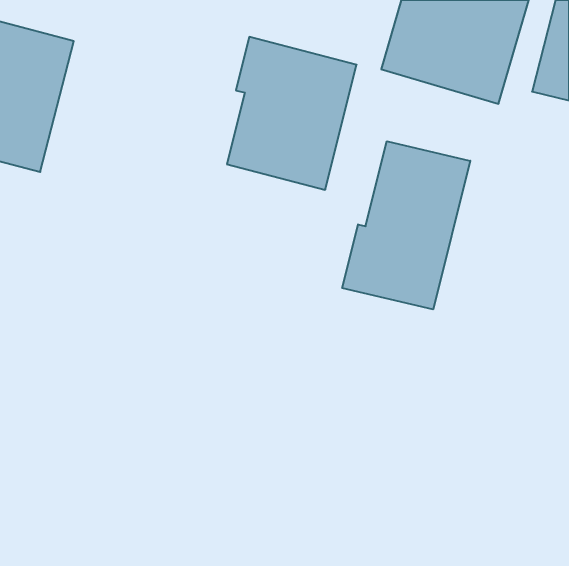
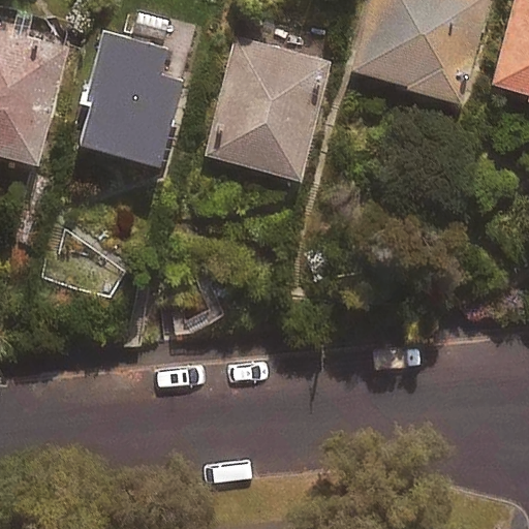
building: none -> [79,33,188,163]
building: [342,141,470,309] -> none

